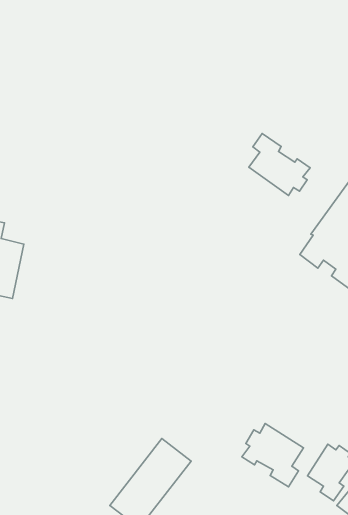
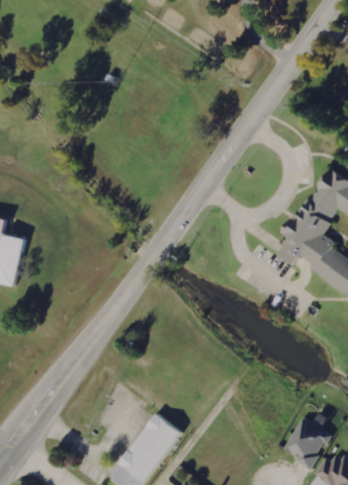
building: [249,134,310,196] -> none
building: [242,423,304,487] -> none

